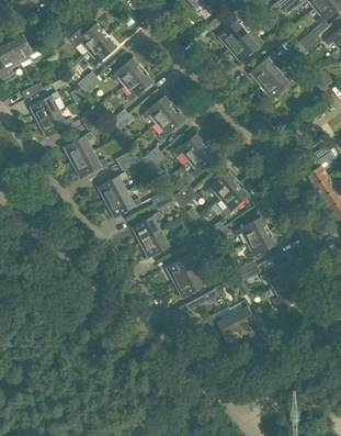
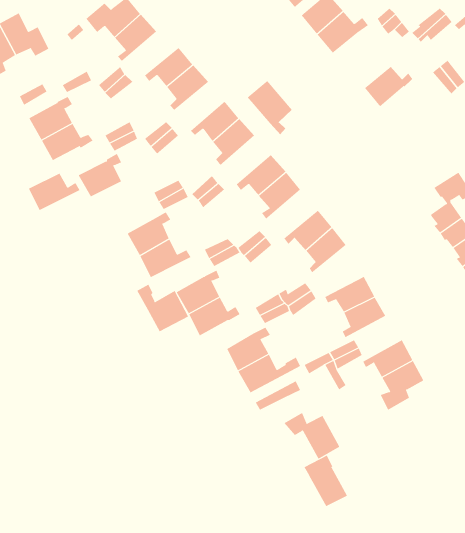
building: [249,52,280,86] -> none
building: none -> [247,80,293,135]
building: [71,150,107,177] -> [28,173,80,211]
building: none -> [137,284,189,332]
building: [229,299,260,335] -> [304,455,348,507]

